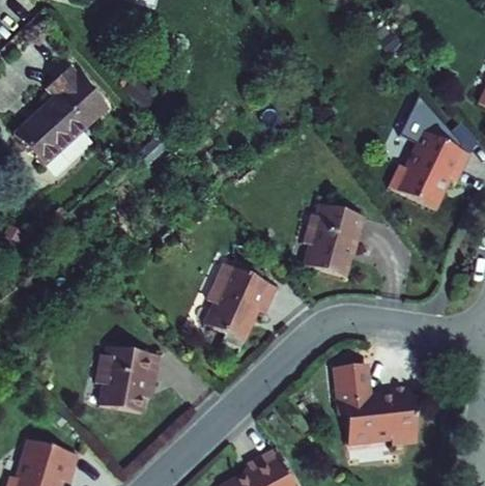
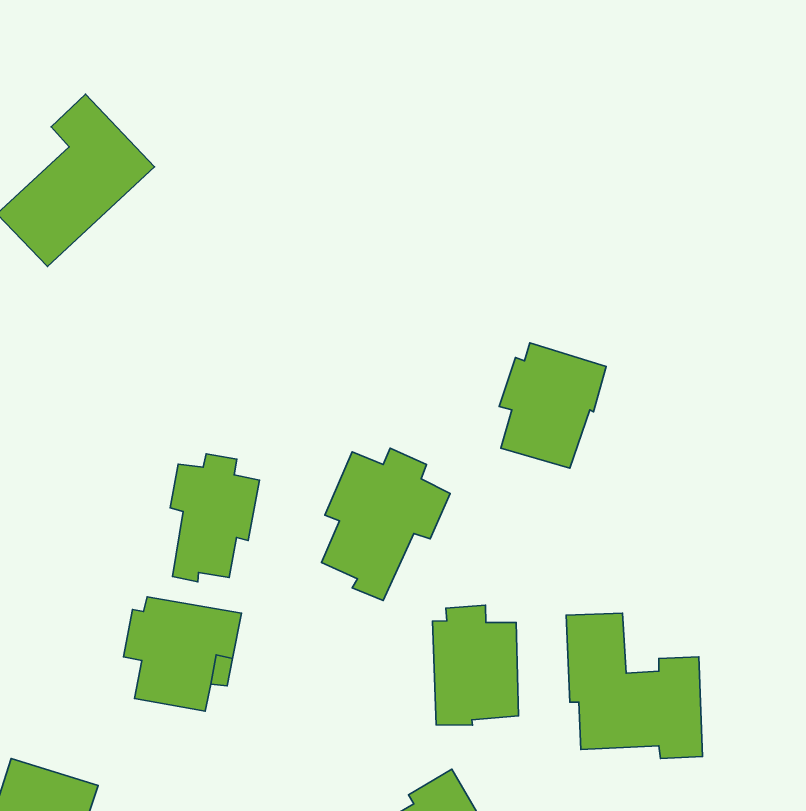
building: [390,94,473,210] -> none
building: none -> [170,454,260,582]
building: none -> [432,605,519,725]

